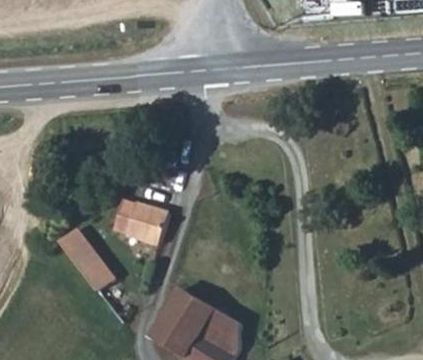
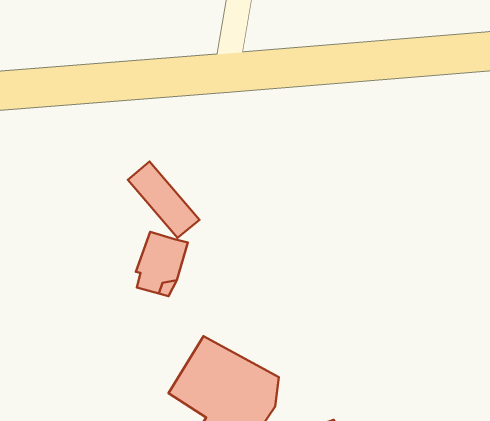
building: [59,226,119,289] -> [128,162,199,238]

